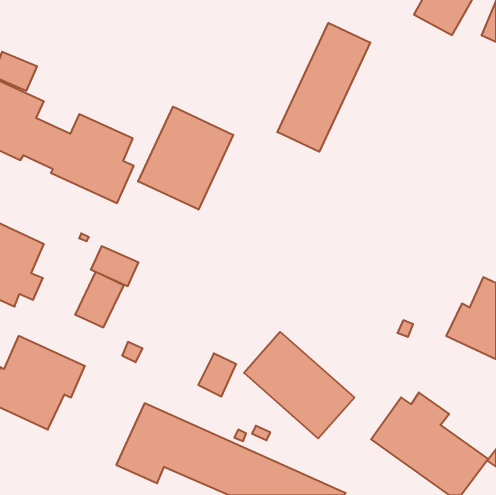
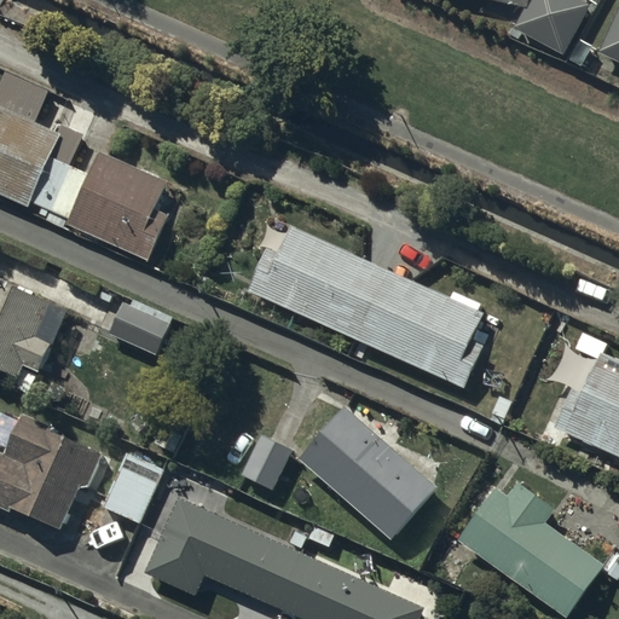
building: [277,23,370,152] -> none
building: [138,107,233,210] -> none
building: none -> [249,227,485,389]
building: [75,272,124,327] -> [104,450,164,519]

